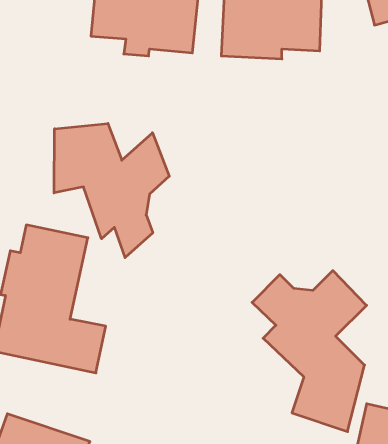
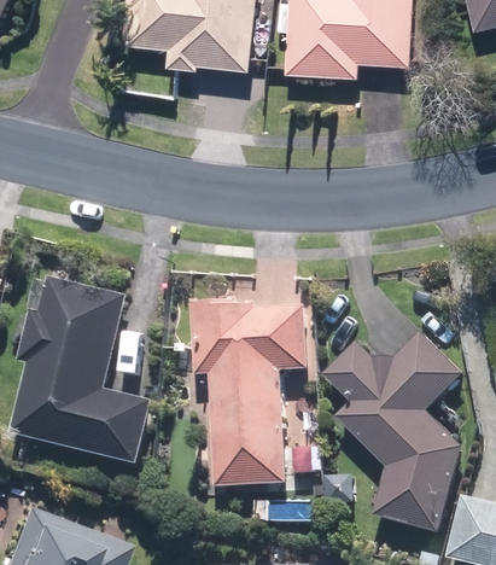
building: [54,123,169,258] -> none
building: none -> [191,305,303,489]

